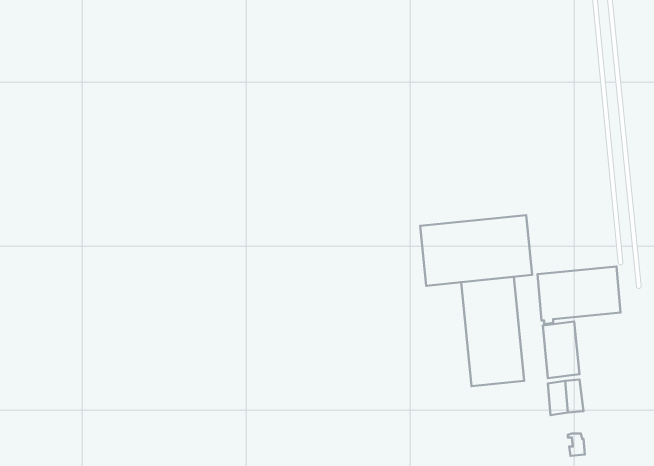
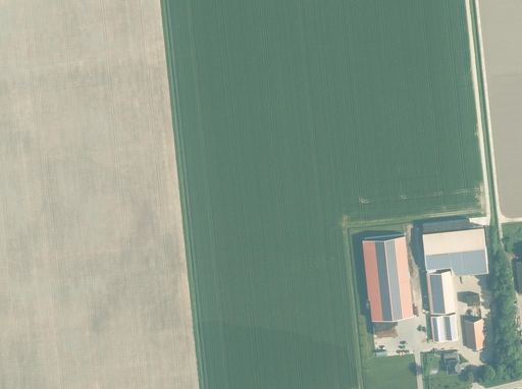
building: [420,215,532,286] -> none
building: none -> [464,322,484,350]

